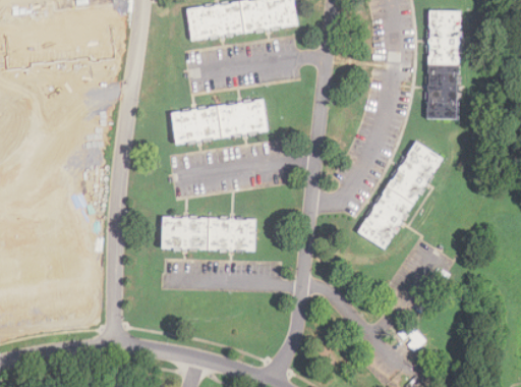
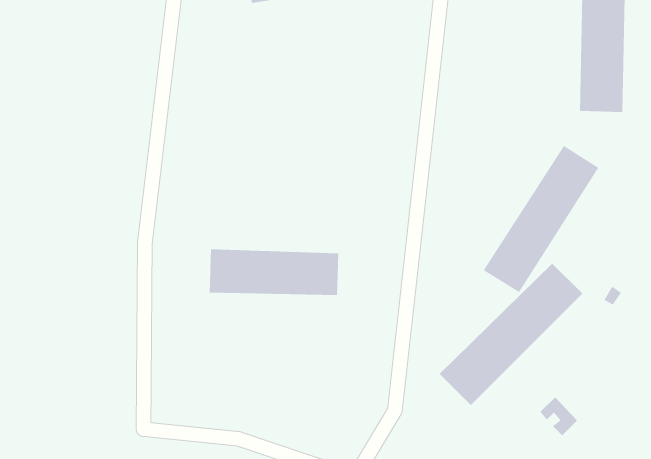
building: [170,100,267,145] -> none
building: none -> [439,263,583,406]

